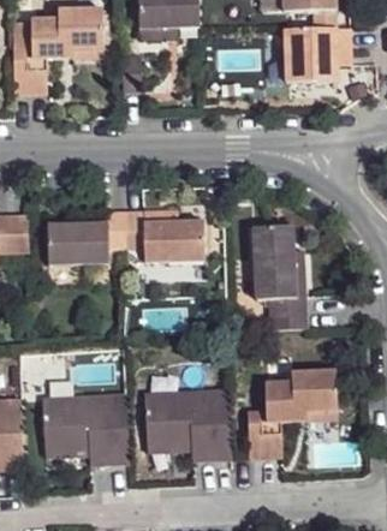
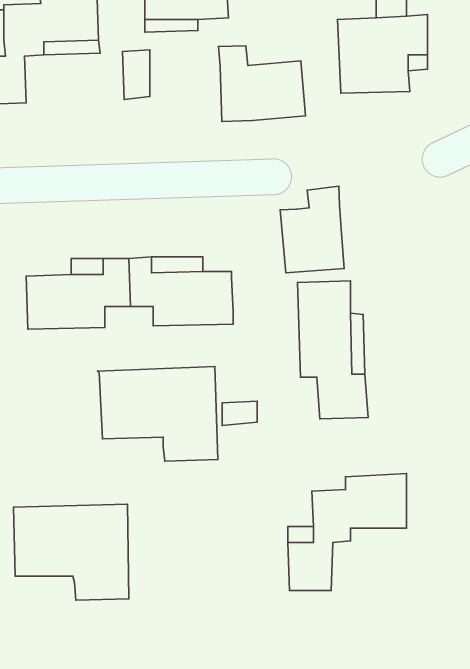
building: none -> [218,46,306,122]
building: none -> [280,186,344,273]
building: [141,389,231,460] -> [98,366,218,461]

